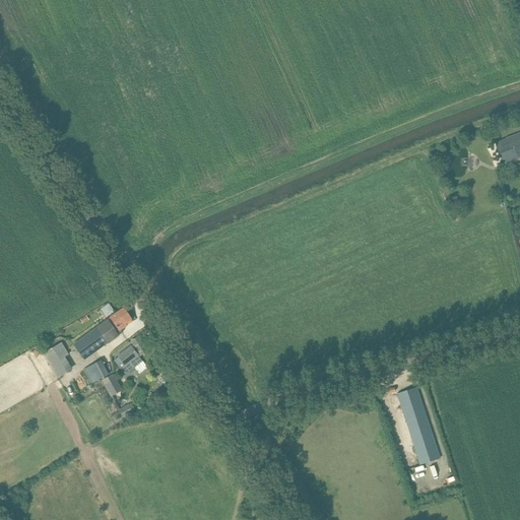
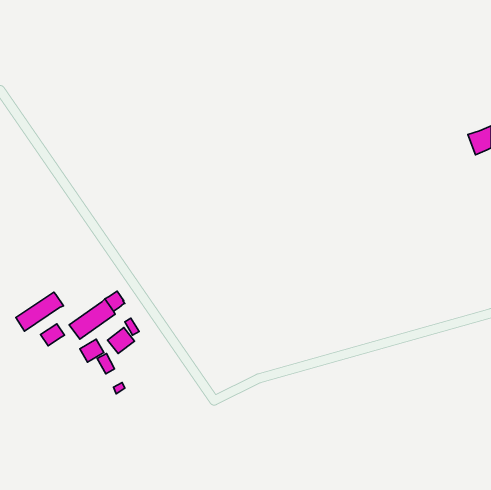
building: none -> [16,292,64,331]
building: [397,387,440,464] -> none

